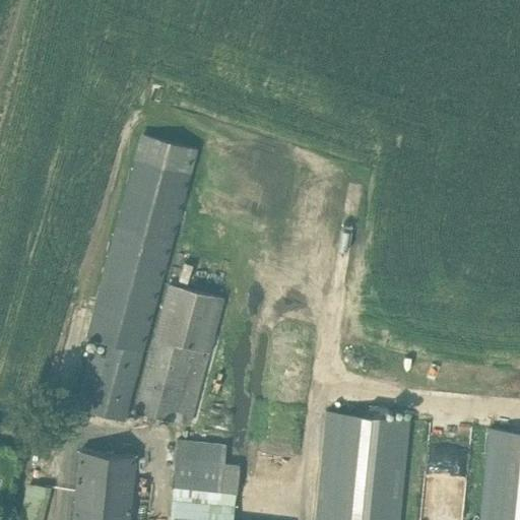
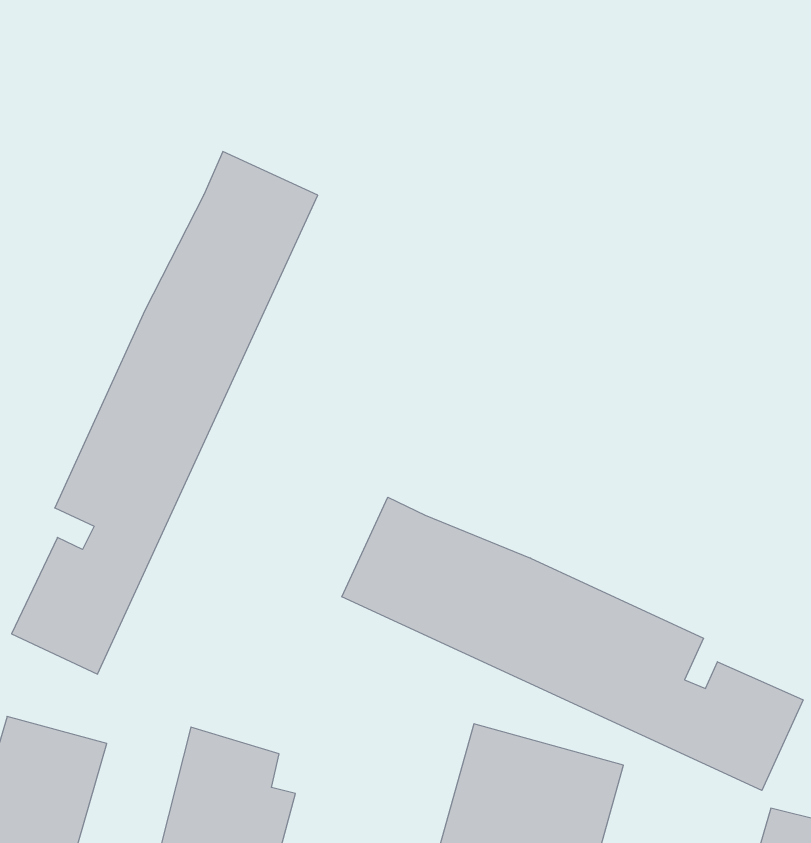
building: [134,285,224,427] -> none
building: none -> [342,497,803,790]

